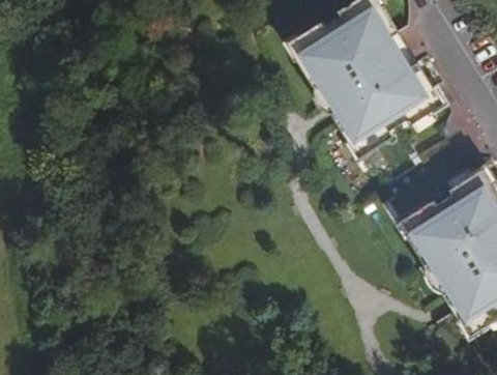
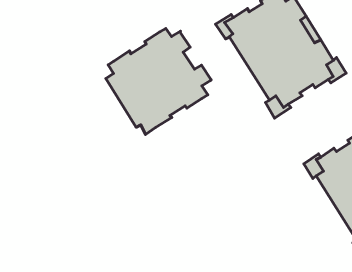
building: none -> [106,28,211,134]

